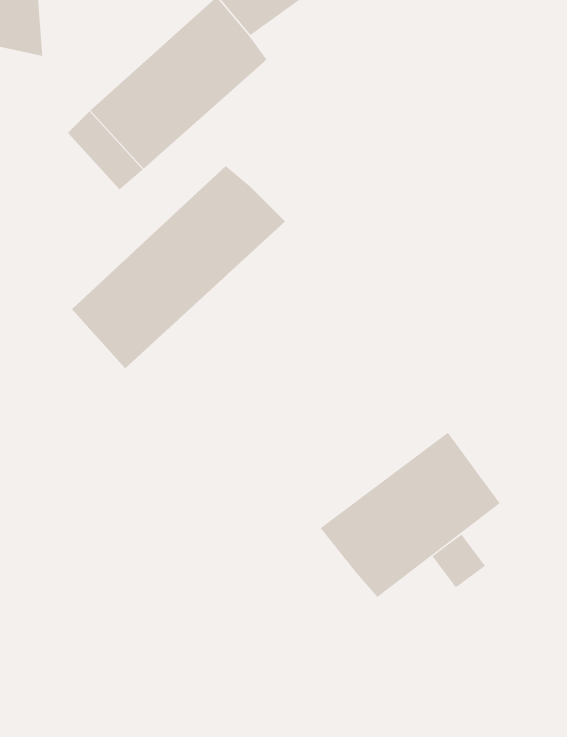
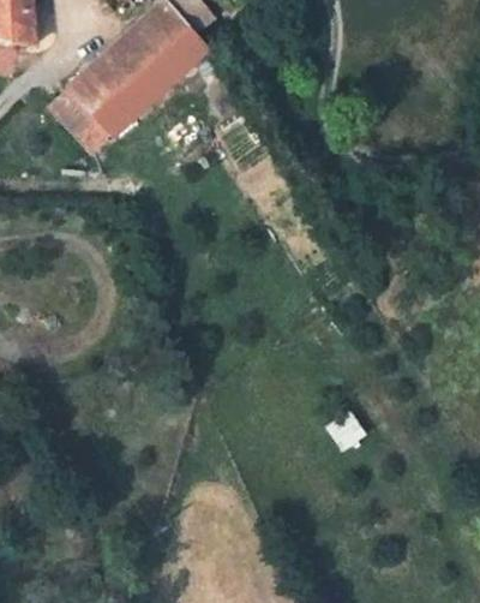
building: [71,165,286,369] -> none
building: [320,432,501,598] -> none

